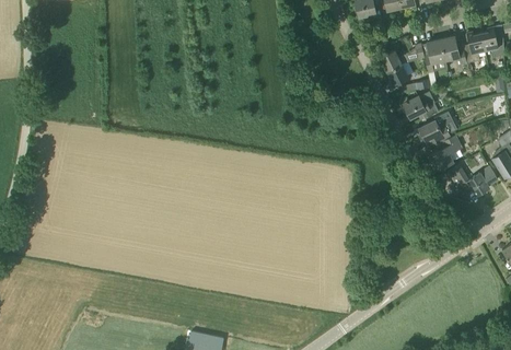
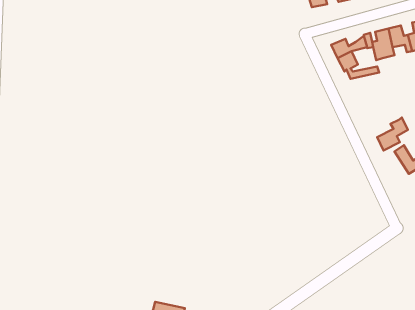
building: [403,96,437,119] -> none
building: [419,120,452,145] -> none

